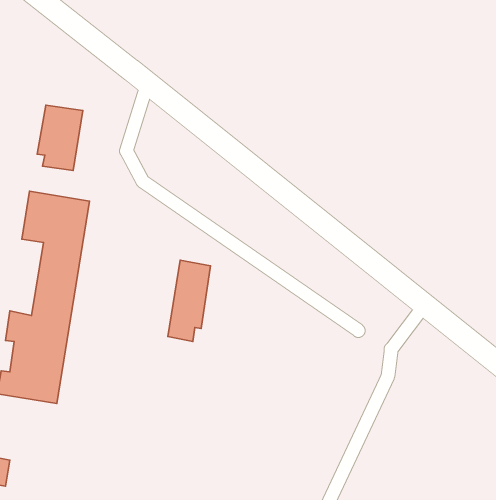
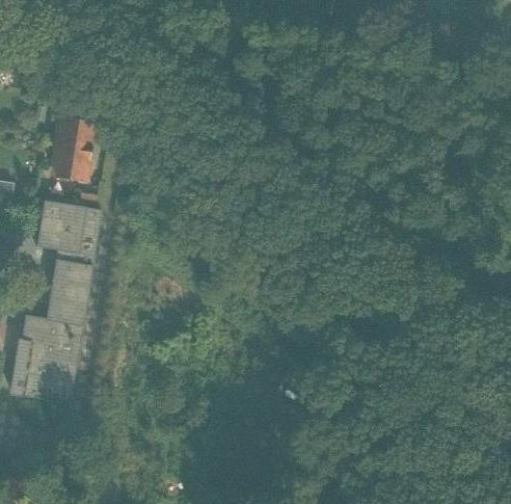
building: [168,260,211,341] -> none

